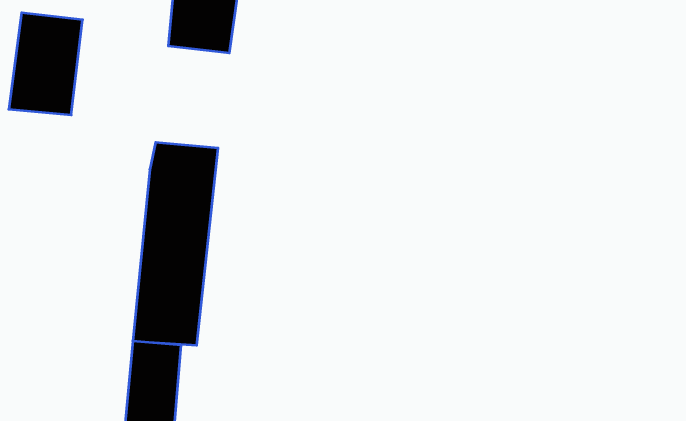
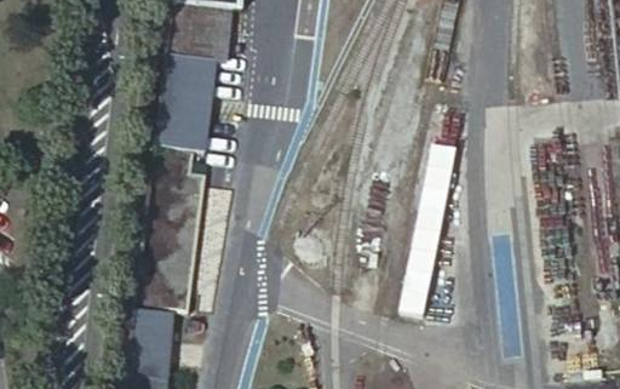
building: [9,13,83,115] -> [156,56,219,143]

